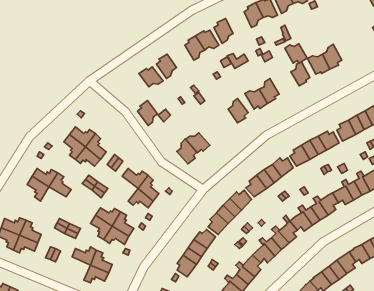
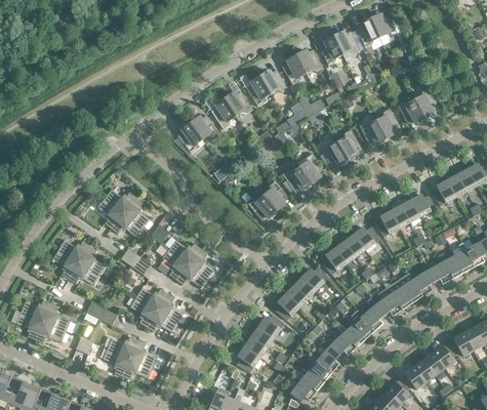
building: none -> [296,48,324,73]
building: [285,44,307,63] -> [359,120,387,143]
building: none -> [225,90,253,115]
building: [137,100,157,125] -> [177,122,202,153]
building: none -> [282,166,311,191]
building: [177,139,197,164] -> [263,179,288,210]
building: none -> [162,248,189,279]
building: none -> [69,261,100,284]
building: none -> [103,347,130,376]

